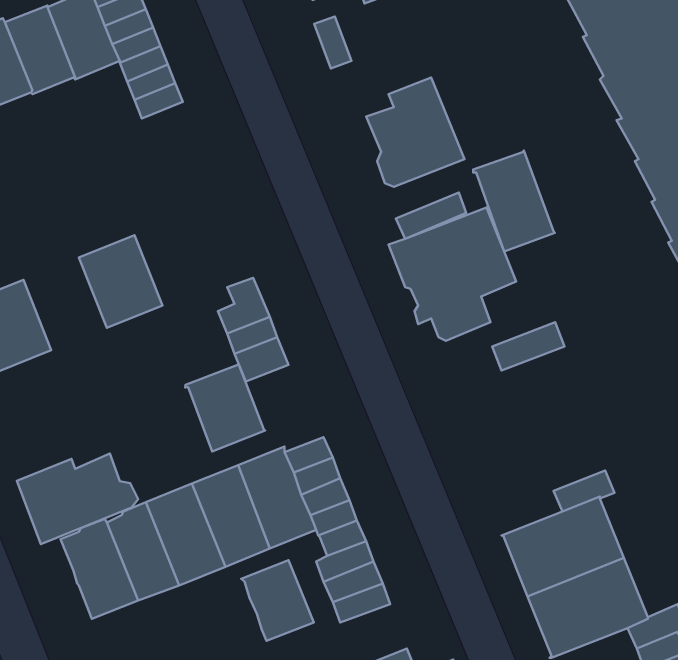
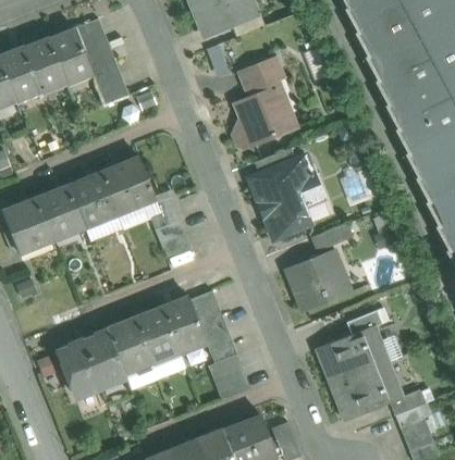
building: none -> [244,59,282,89]
building: [473,151,555,252] -> none
building: none -> [101,157,156,213]
building: none -> [36,185,85,239]
building: [185,364,265,452] -> none
building: none -> [286,249,352,311]
building: [17,454,138,544] -> none
building: [241,560,314,641] -> none

